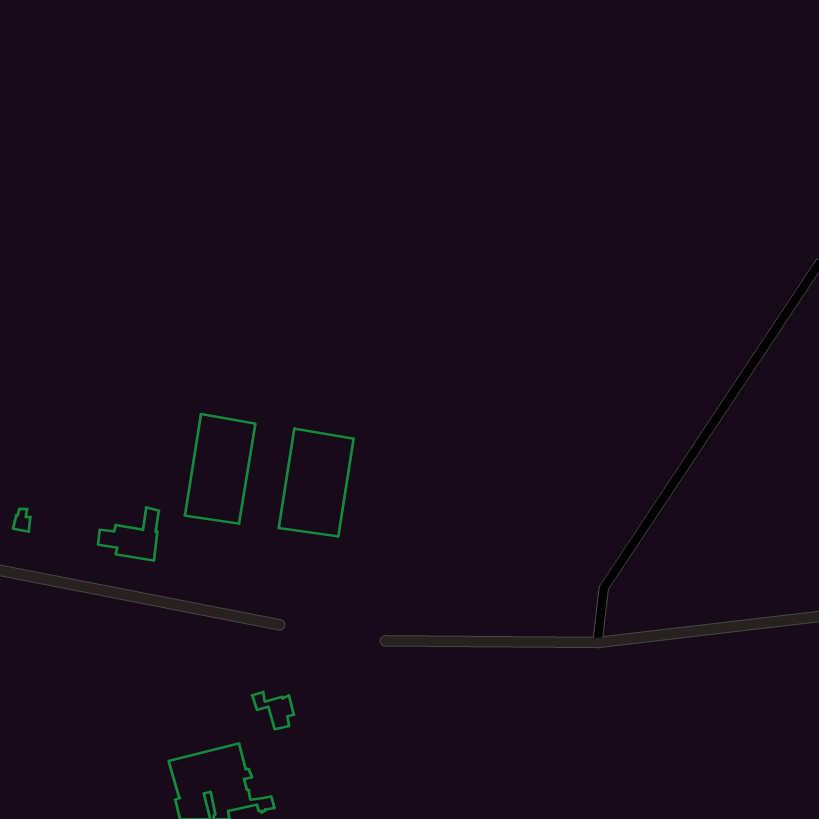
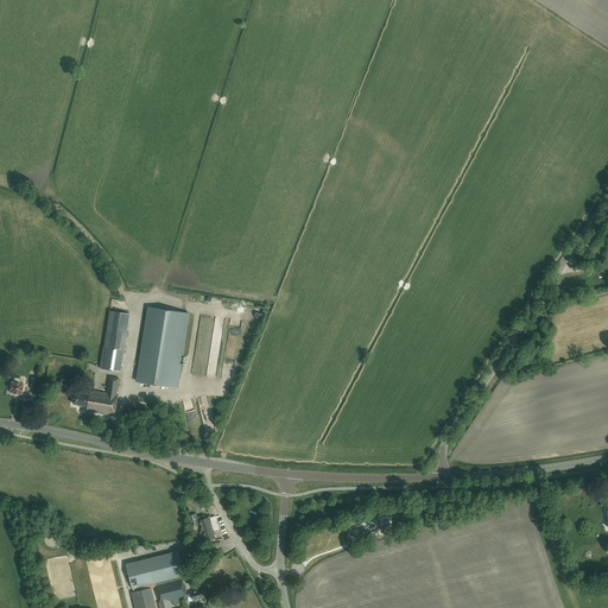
building: [279,428,353,537] -> none
building: none -> [100,328,125,370]

